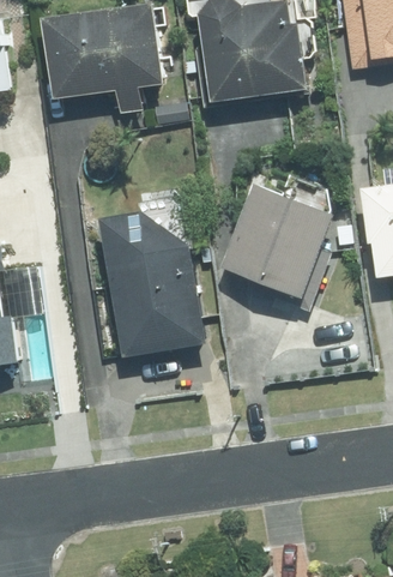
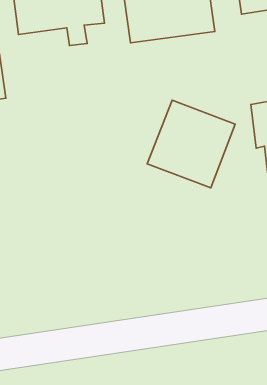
building: [102,209,205,356] -> none

